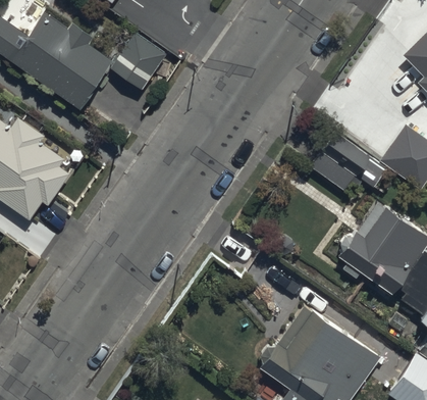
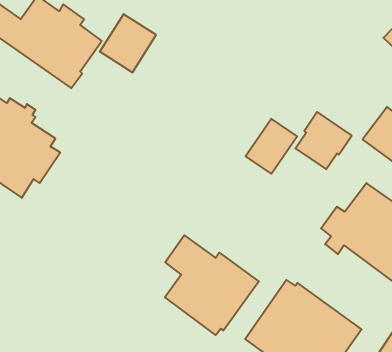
building: none -> [246,119,297,174]
building: none -> [165,235,259,335]

